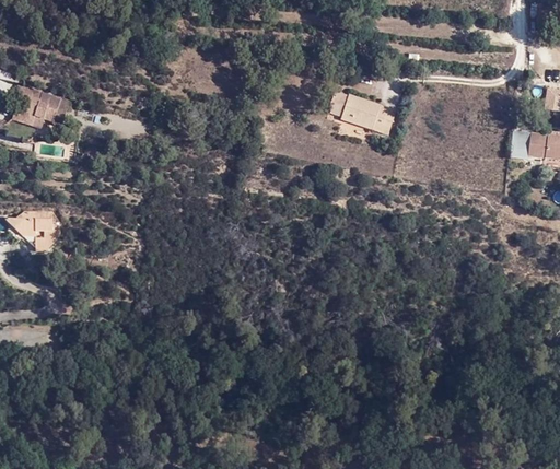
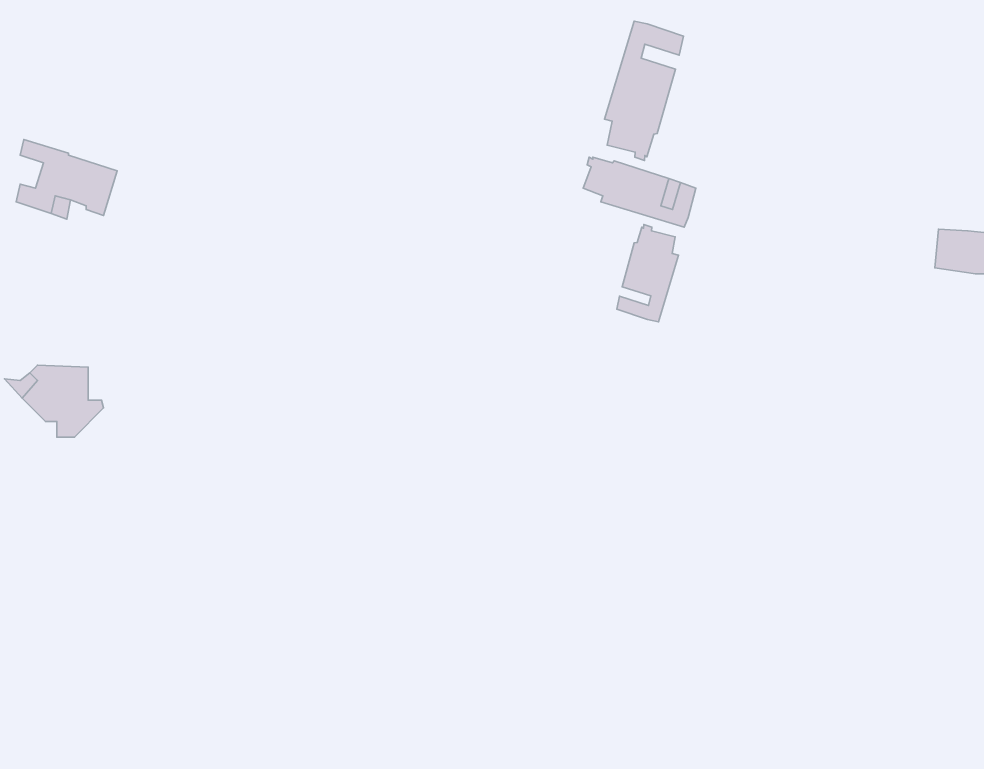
building: none -> [604,21,683,161]
building: none -> [617,225,679,322]

